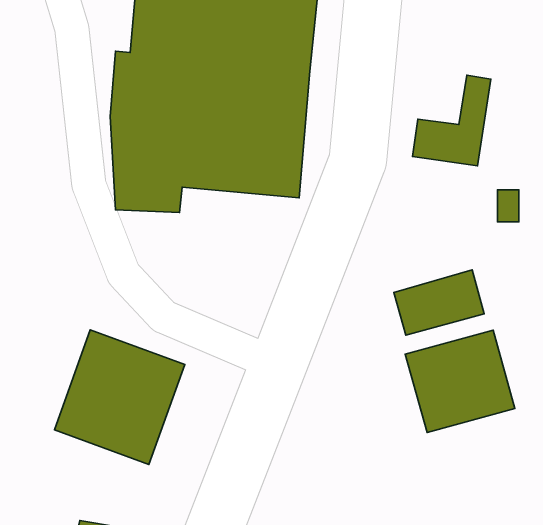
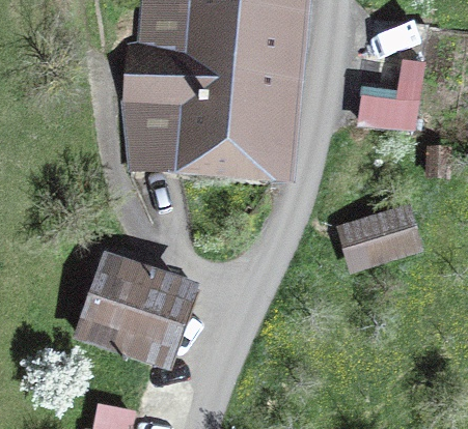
building: [405,330,515,433] -> none

